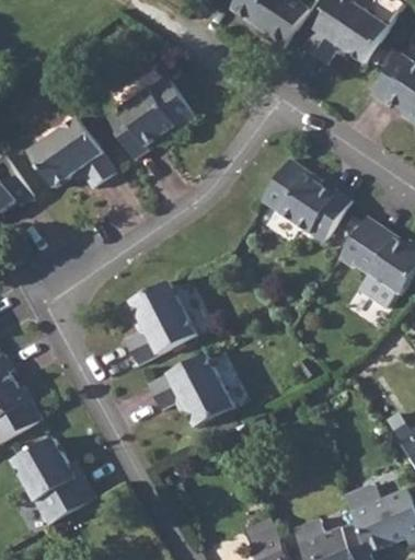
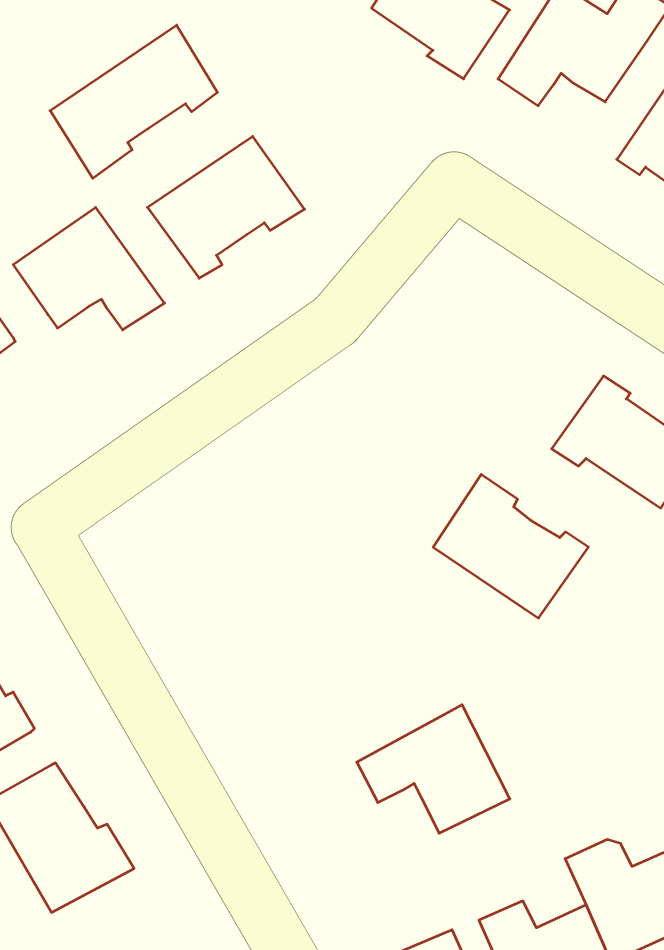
building: none -> [50,25,217,178]
building: [260,159,348,241] -> [433,474,588,618]
building: [125,280,197,363] -> none
building: [148,351,235,424] -> [357,705,510,833]

